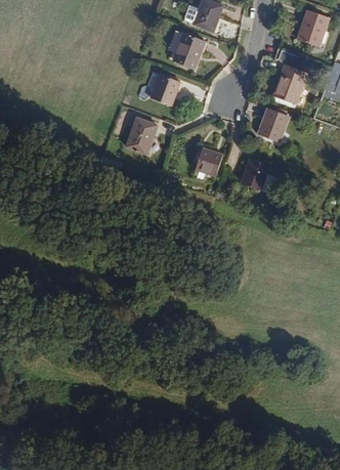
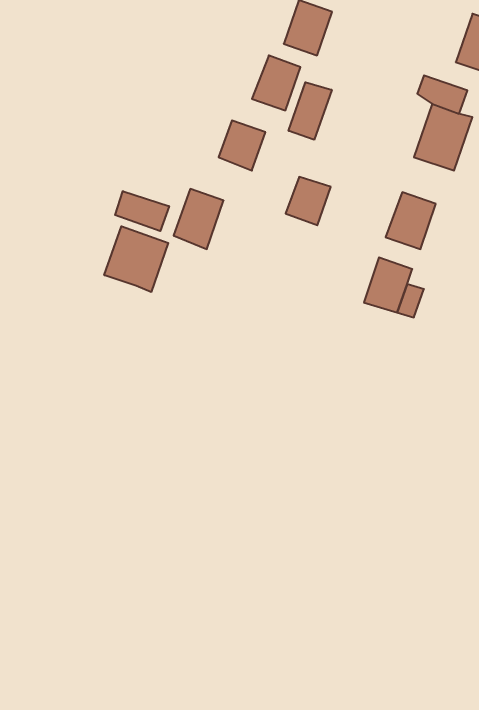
building: none -> [289,82,332,140]
building: none -> [115,191,169,231]
building: none -> [104,226,168,292]
building: [195,147,222,177] -> [286,177,331,225]

